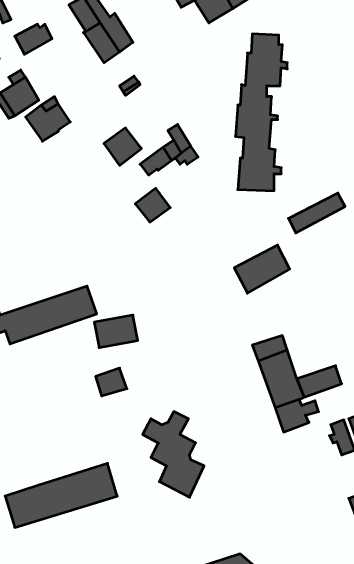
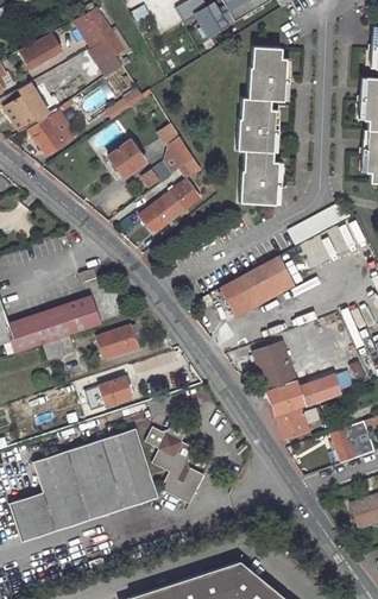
building: none -> [159,181,200,219]
building: none -> [221,278,250,311]
building: none -> [34,429,157,503]

